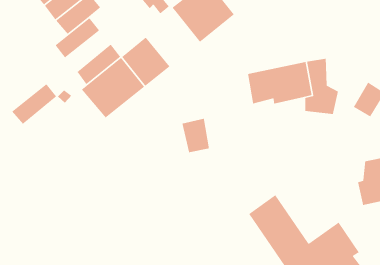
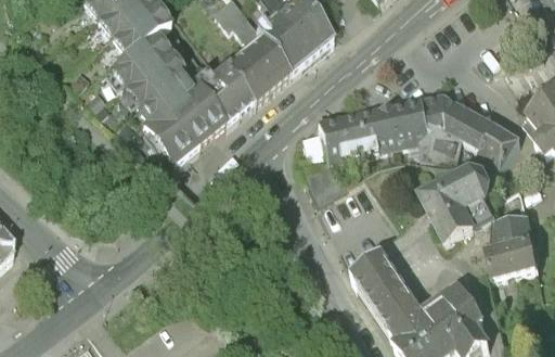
building: none -> [224,35,291,101]
building: none -> [447,90,498,143]
building: [11,83,57,125] -> [125,56,181,107]
building: [182,118,210,153] -> [321,110,356,153]
building: none -> [420,167,490,242]

